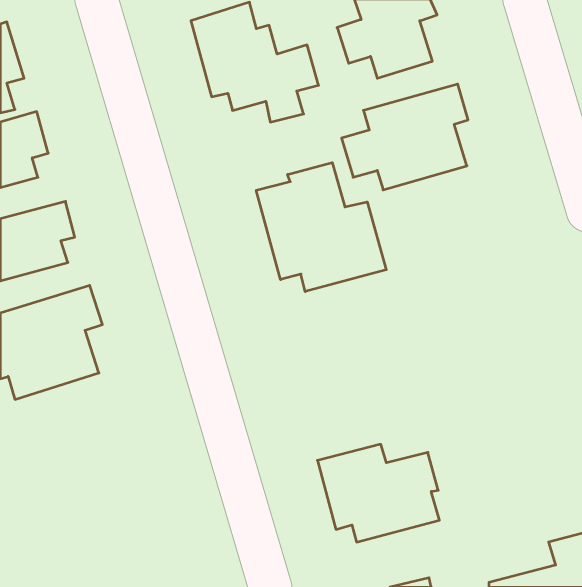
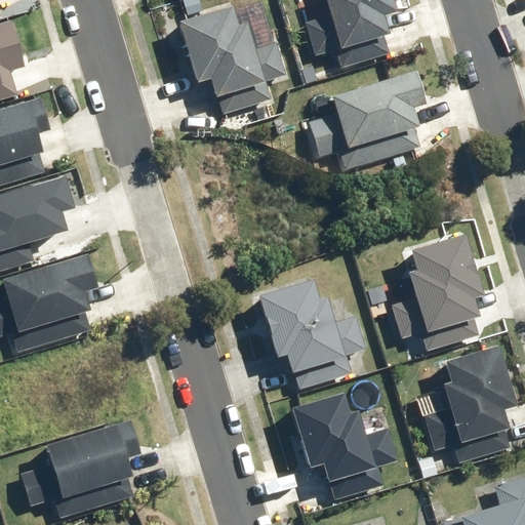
building: [256,163,386,292] -> none
building: none -> [390,233,485,342]
building: none -> [254,281,366,376]
building: none -> [425,347,518,449]
building: none -> [22,418,138,507]

